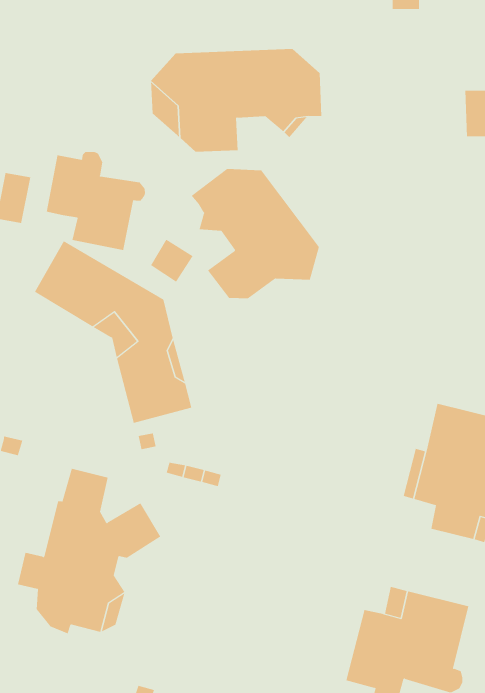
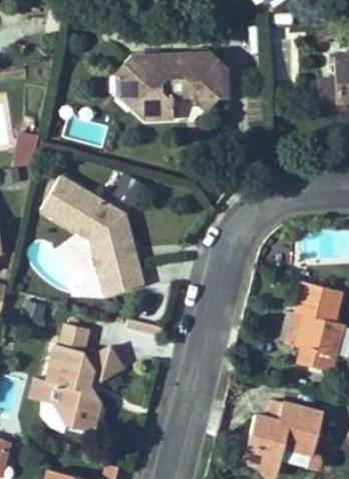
building: [46,151,145,251] -> none
building: [191,168,320,299] -> none

